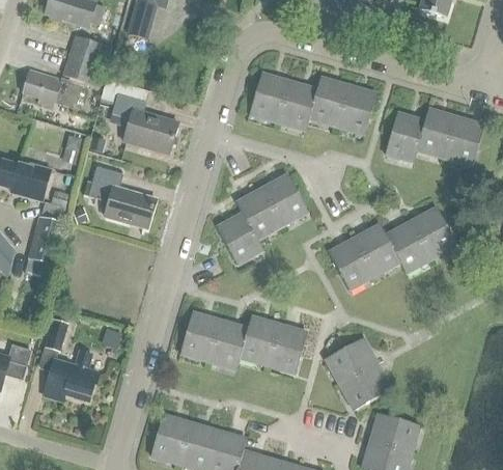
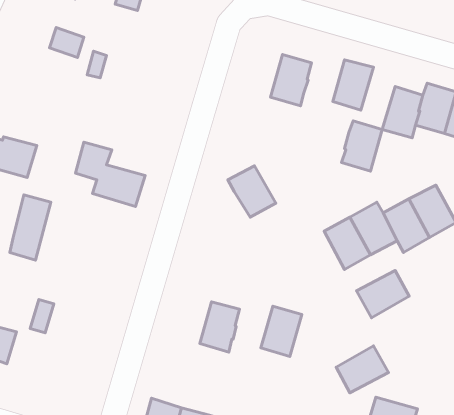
building: [69,35,103,64] -> none
building: [23,70,81,108] -> none
building: [249,74,288,122] -> none
building: [309,78,348,127] -> [341,121,382,171]
building: [112,94,177,155] -> none
building: [261,174,308,225] -> none
building: [217,214,263,265] -> none
building: [180,312,220,361] -> none
building: [241,316,279,365] -> none
building: [326,338,376,384] -> [356,271,409,318]
building: [45,351,97,402] -> none

